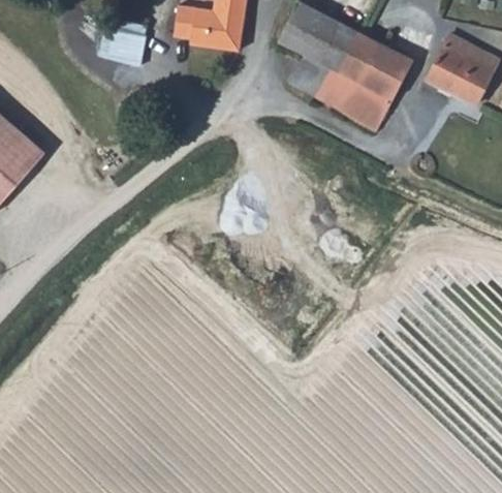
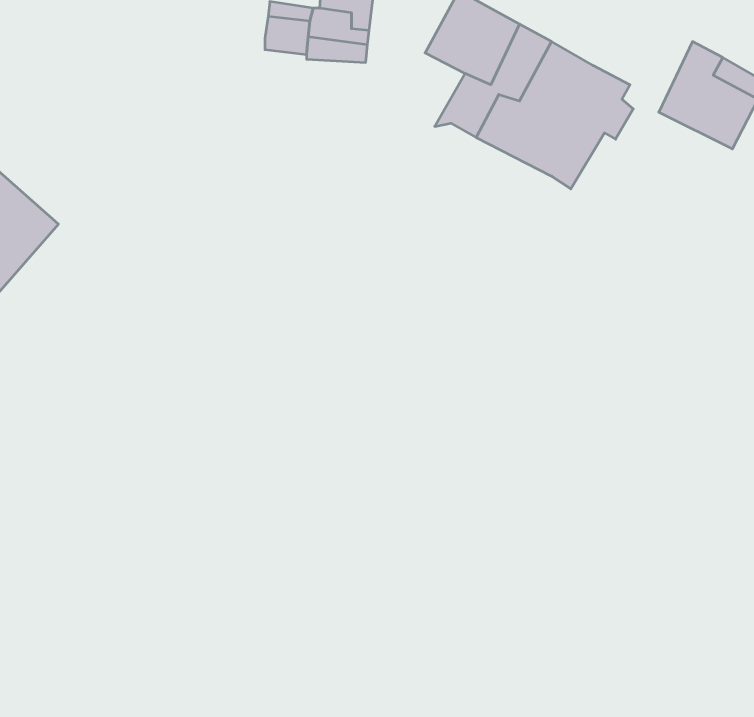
building: [104,26,152,67] -> none

